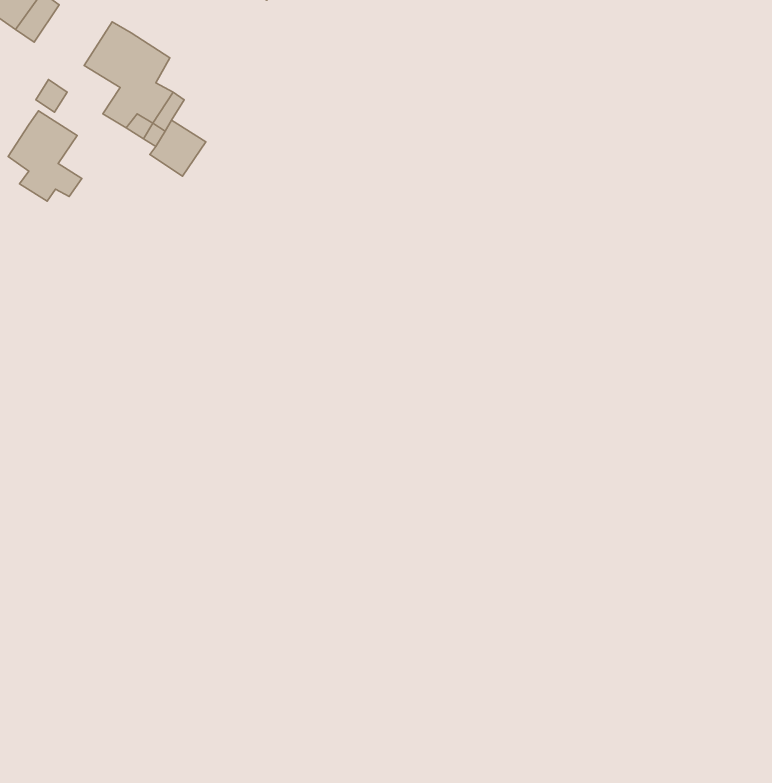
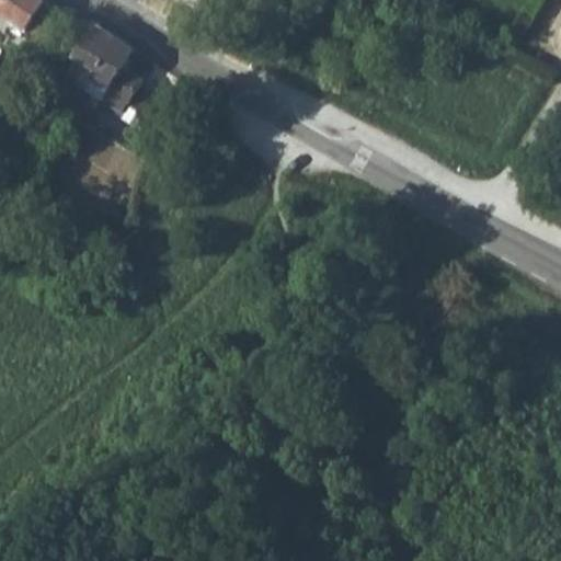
building: [8,111,82,201] -> none

